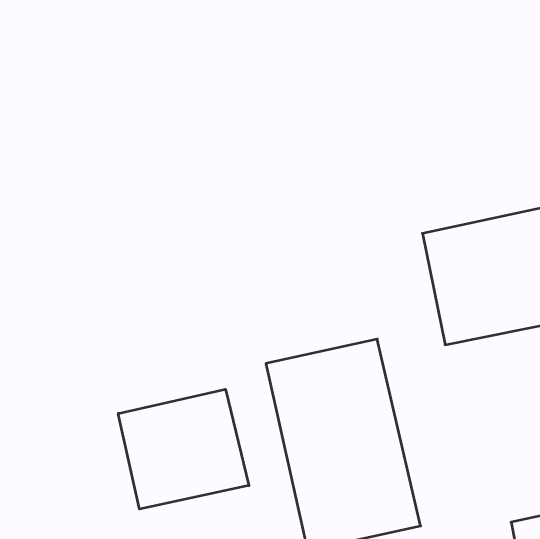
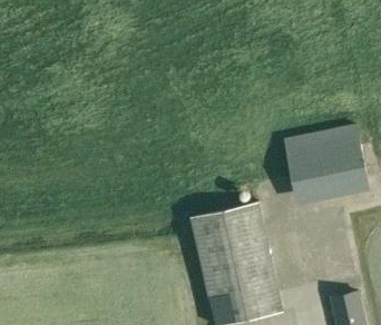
building: [118,389,249,509] -> none

